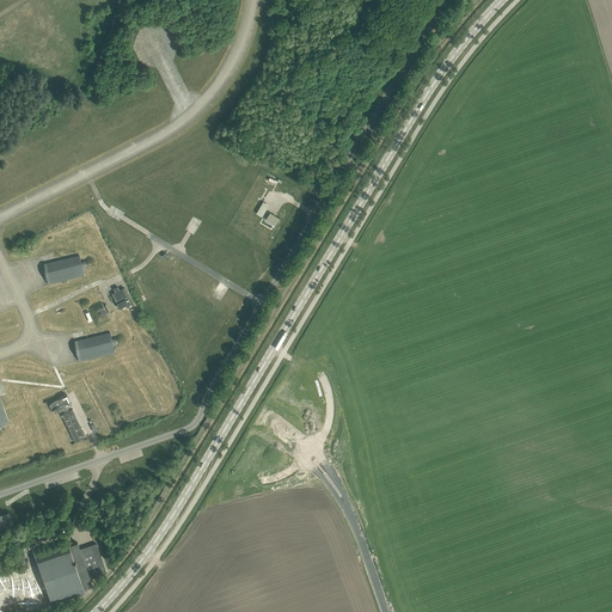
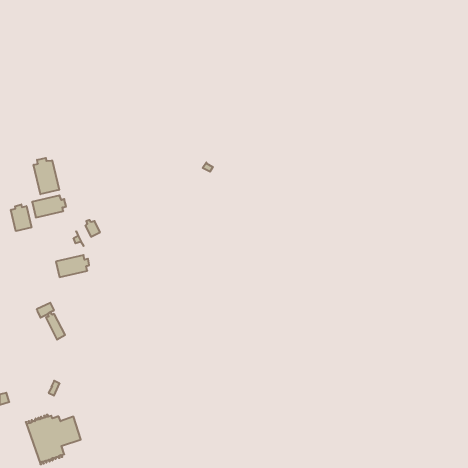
building: none -> [34,158,59,194]
building: none -> [11,204,31,231]

